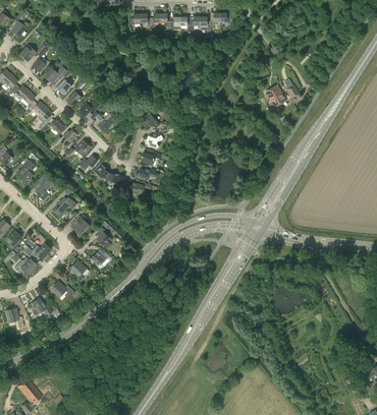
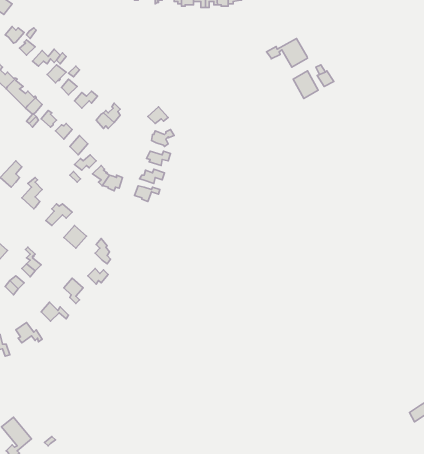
building: none -> [266,38,308,67]

